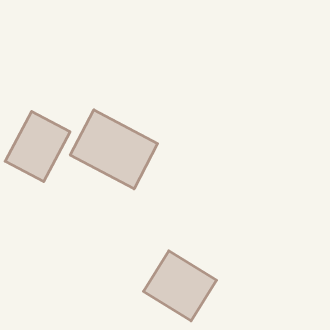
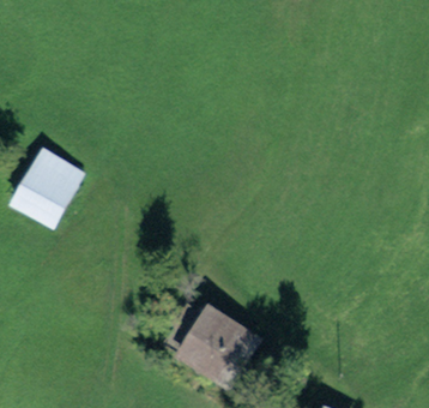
building: [70,110,158,189] -> none

